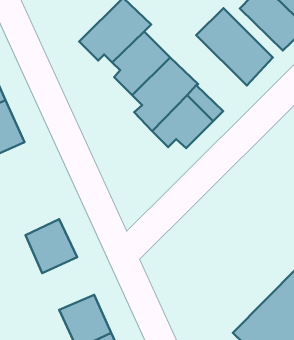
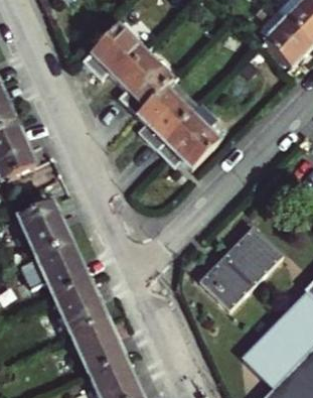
building: [196,8,273,85] -> none
building: none -> [14,200,67,256]
building: none -> [201,224,287,310]
building: none -> [50,278,103,331]

